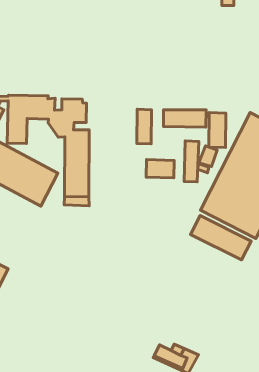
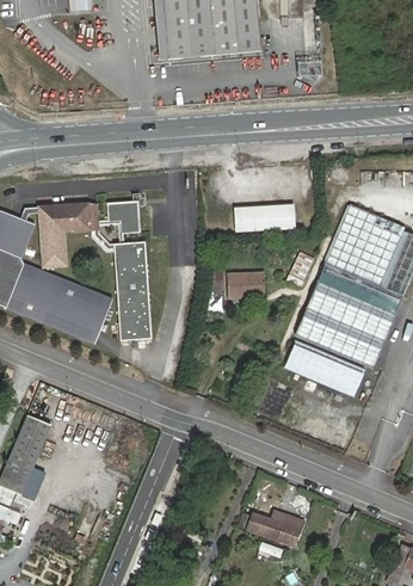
building: [137,109,151,144] -> none
building: [209,112,226,148] -> none
building: [184,141,199,182] -> none

